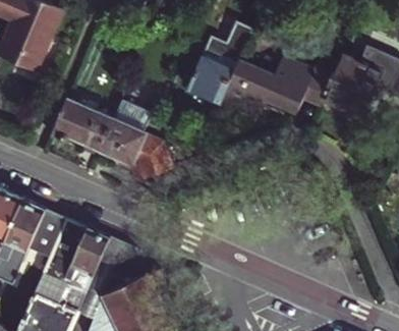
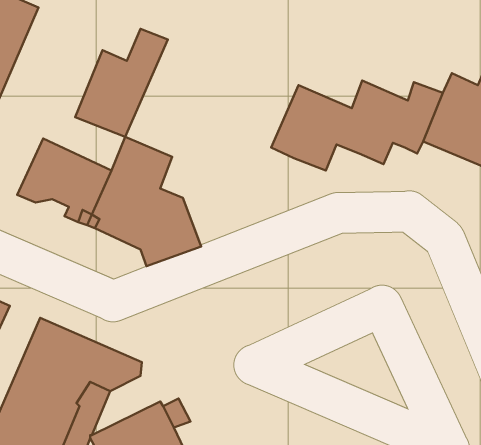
building: [186,32,248,104] -> [75,29,168,137]

